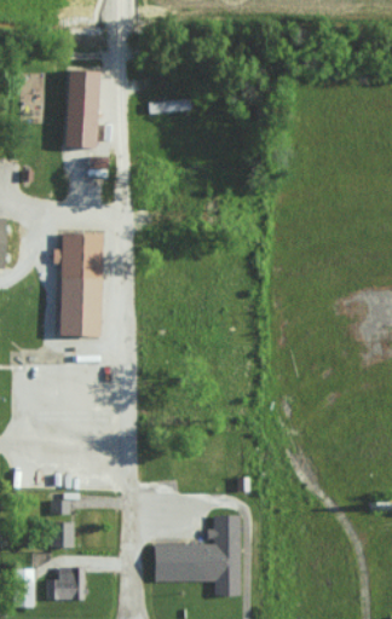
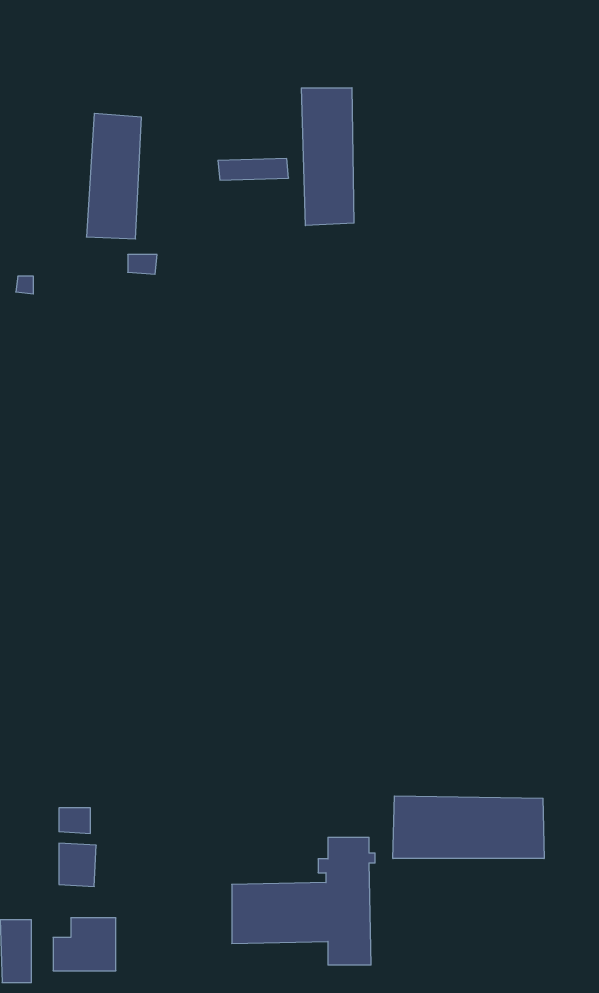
building: none -> [301,88,354,226]
building: [53,235,103,337] -> none
building: none -> [393,796,544,859]

